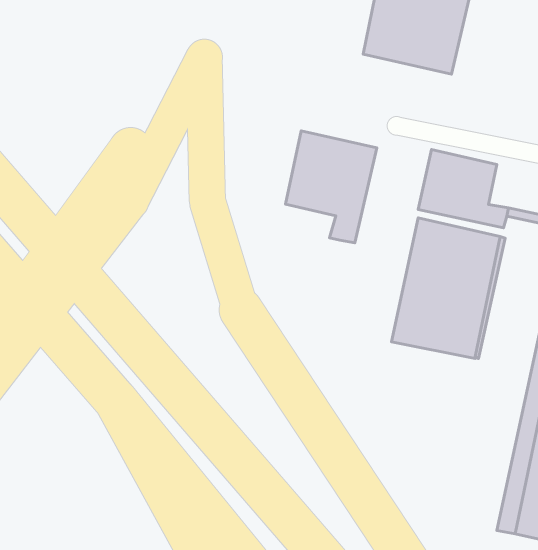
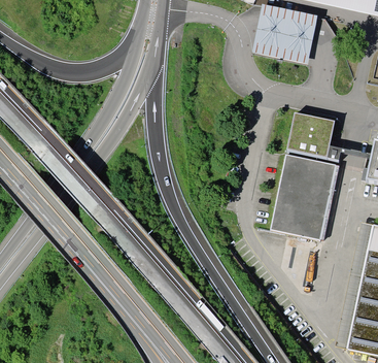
building: [286,131,377,243] -> none

